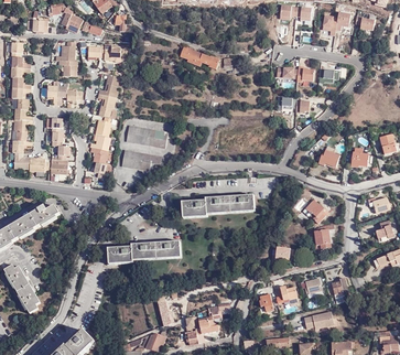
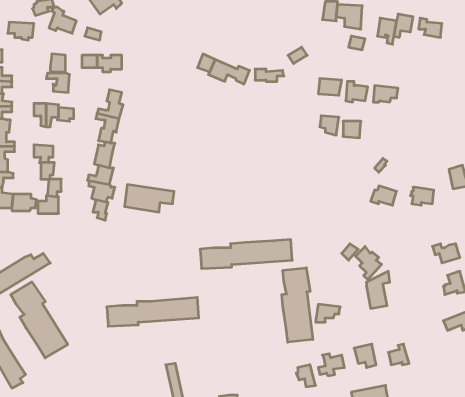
building: [123,127,163,149] -> none
building: none -> [282,268,313,342]
building: none -> [11,282,68,358]

